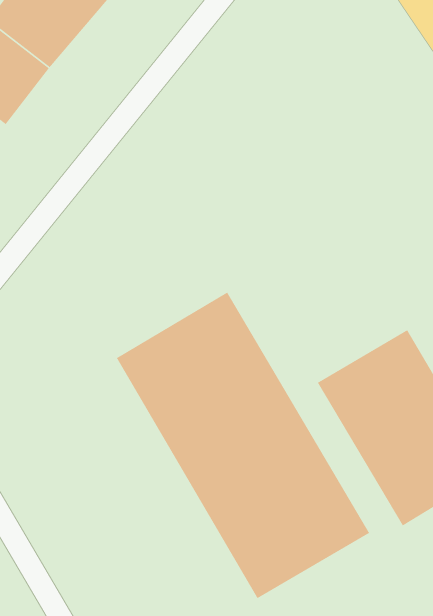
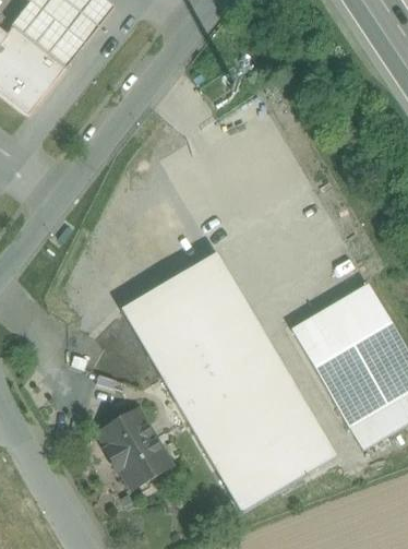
building: none -> [99,407,170,486]

